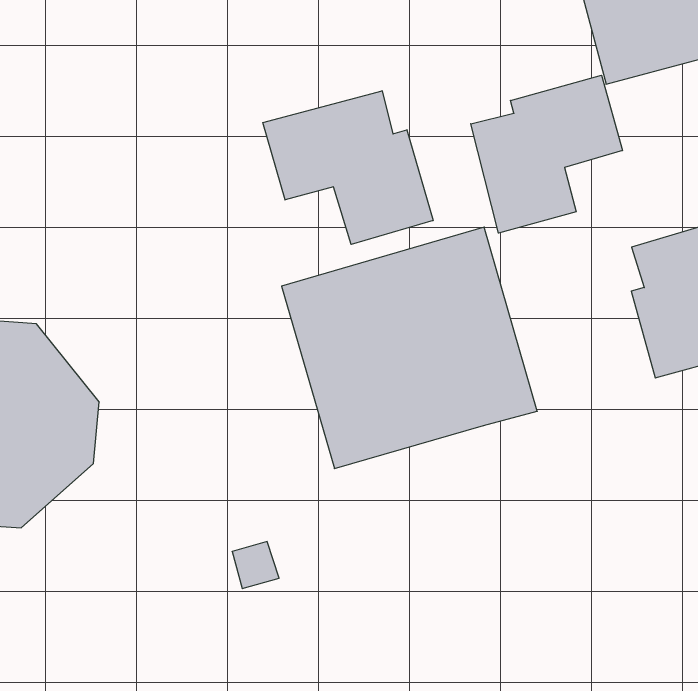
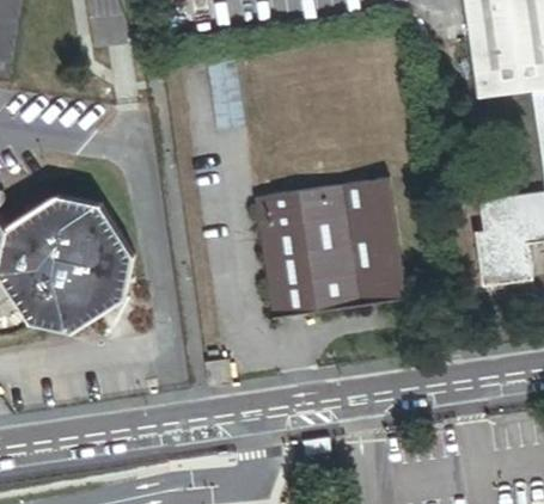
building: [471,75,622,233] -> none
building: [263,91,433,244] -> none

